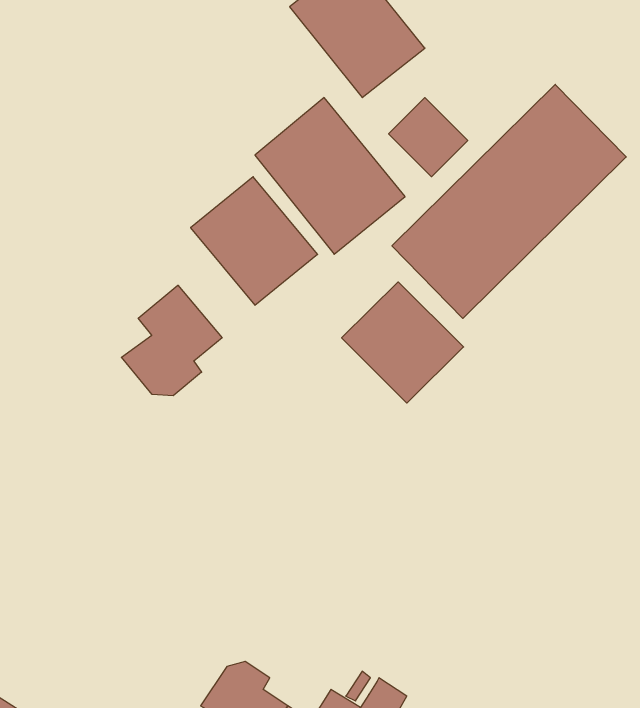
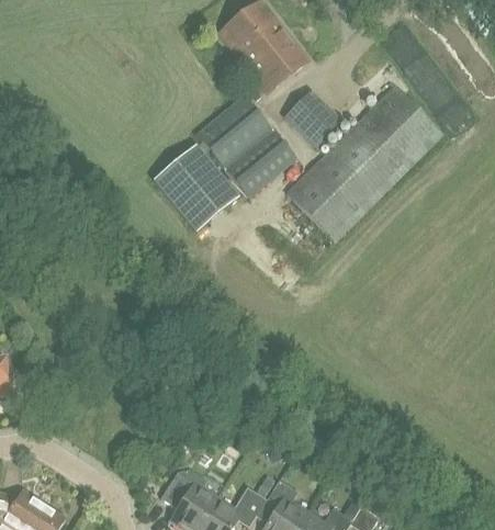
building: [342,282,464,403] -> none
building: [121,285,222,396] -> none

